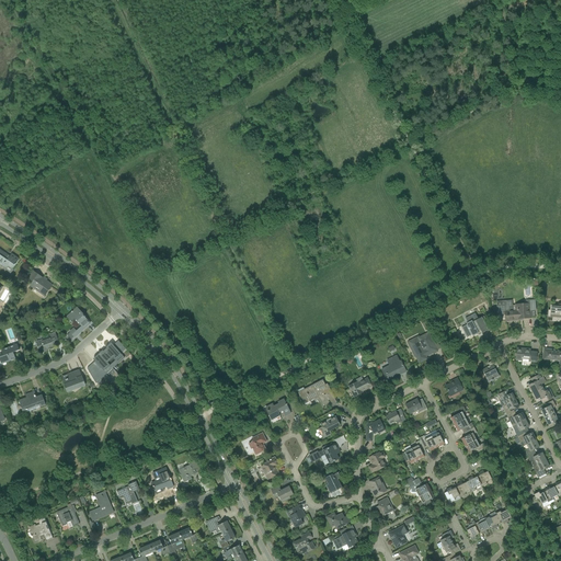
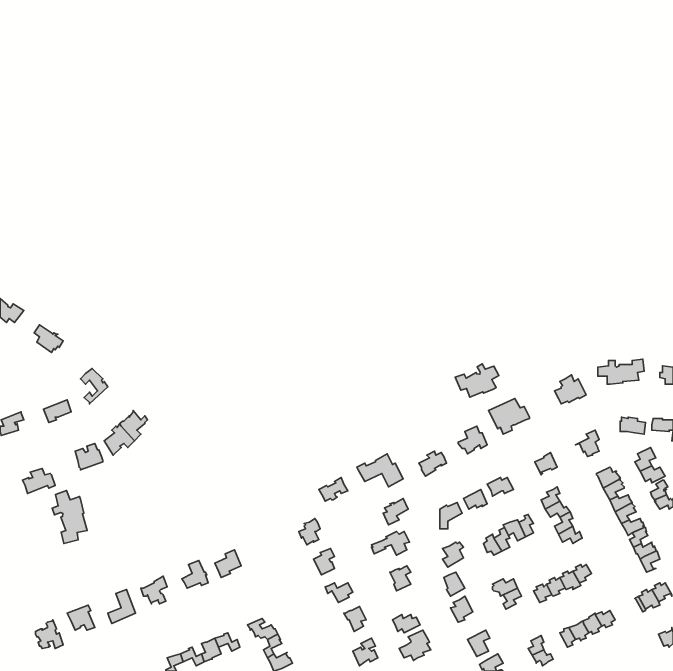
building: none -> [455,364,499,397]
building: none -> [52,491,87,544]

